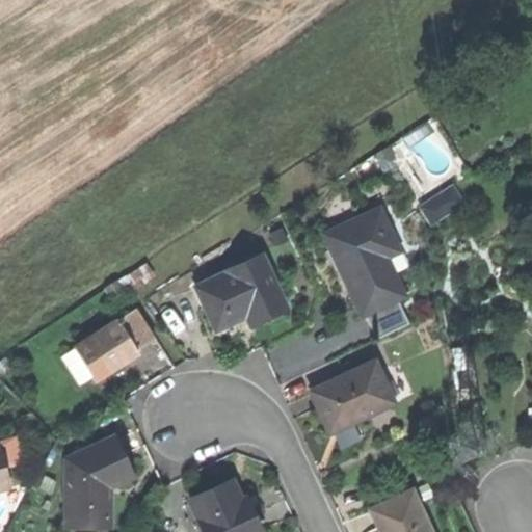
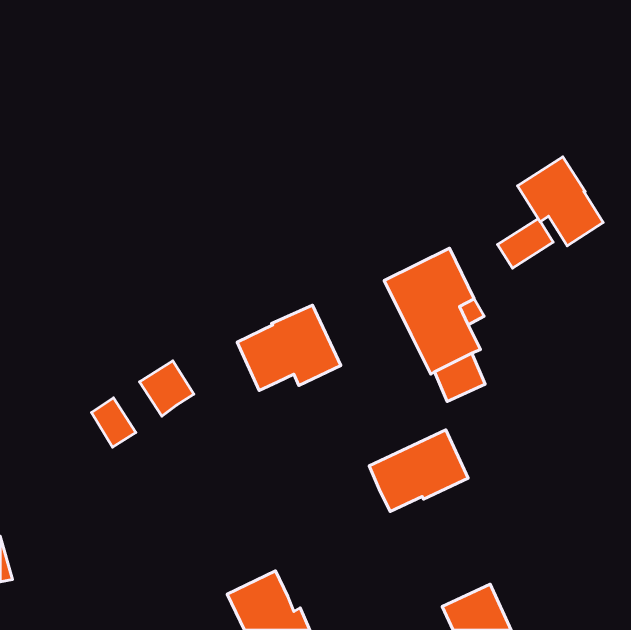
building: none -> [517,157,603,246]
building: [96,321,136,364] -> none
building: [66,437,132,526] -> none

